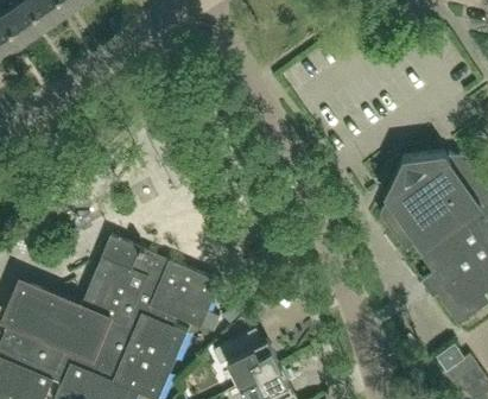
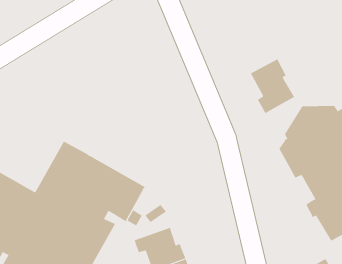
building: none -> [250,58,295,114]

